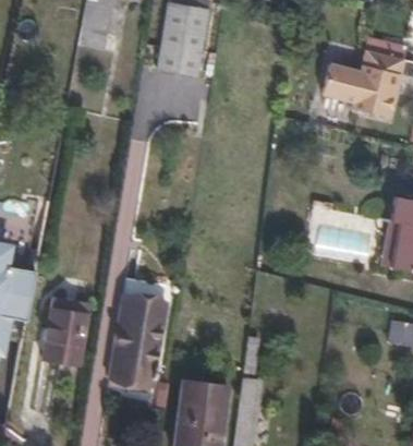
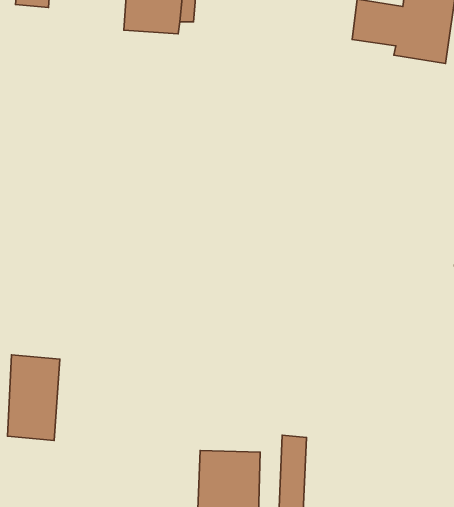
building: [112,297,168,386] -> none

